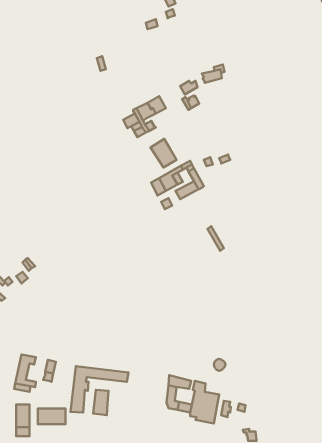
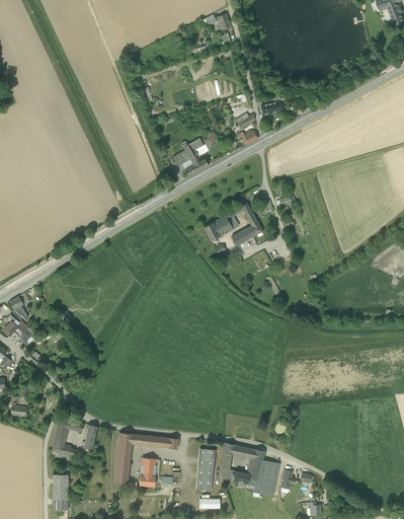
building: [151,139,176,168] -> none
building: none -> [195,448,215,491]
building: [38,408,66,424] -> none

